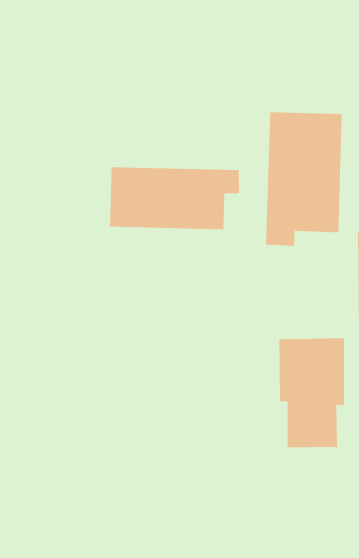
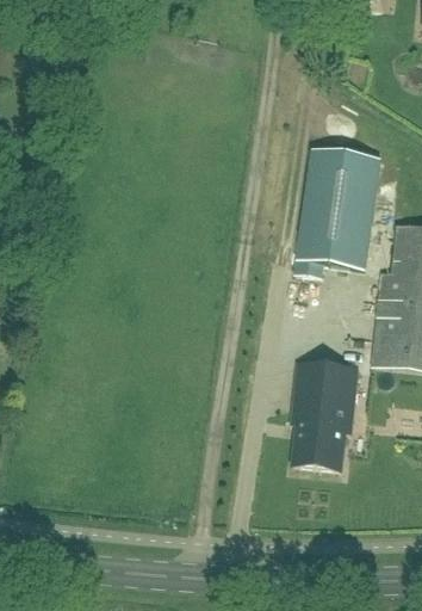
building: [110,167,240,230] -> none

